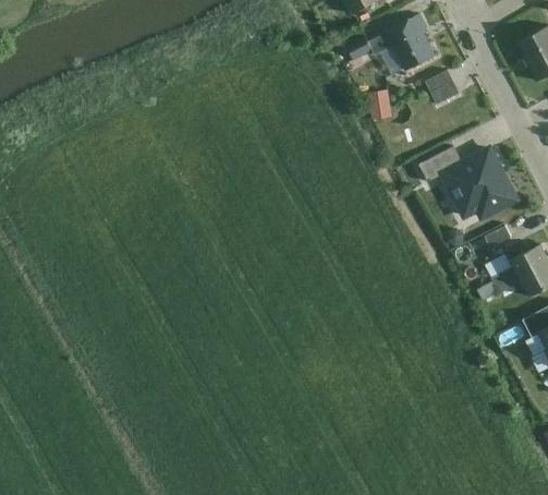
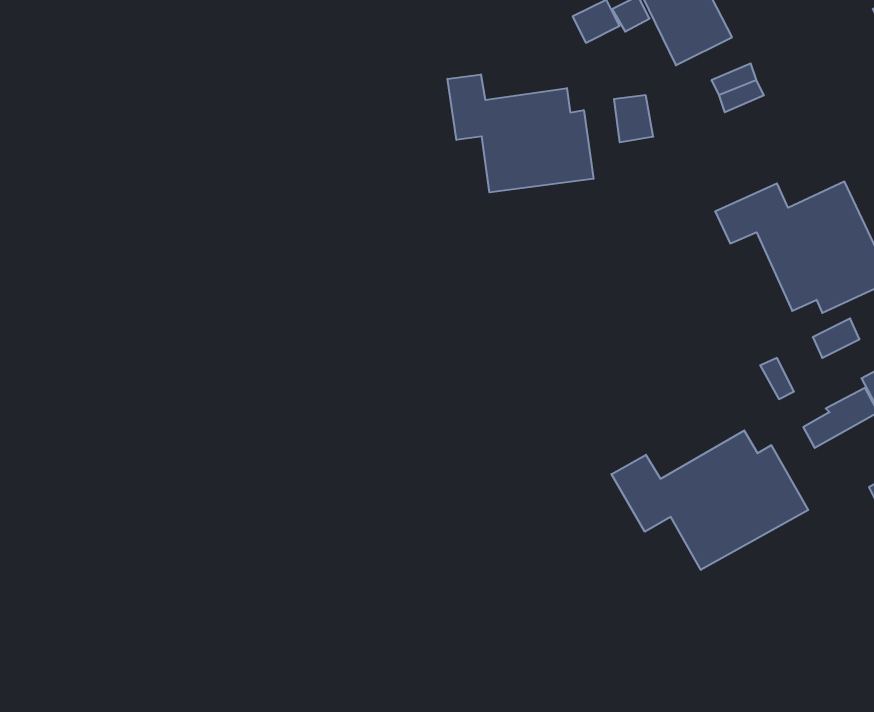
building: none -> [448,74,593,192]
building: none -> [611,430,808,570]

